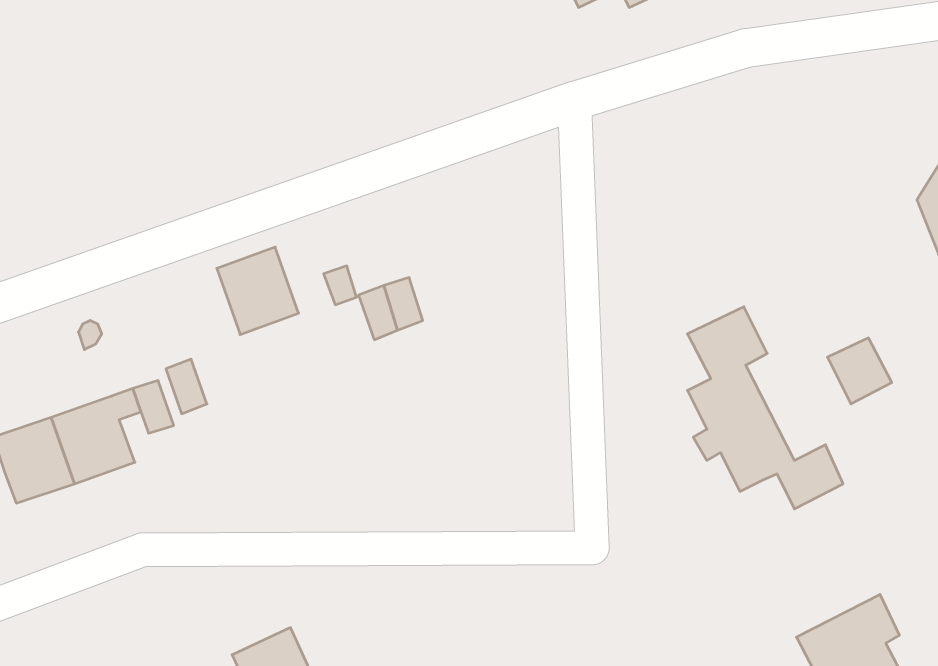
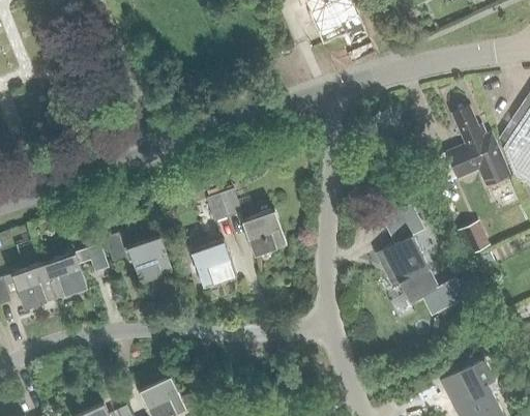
building: none -> [446,107,507,183]
building: [217,247,299,335] -> [127,236,171,283]
building: none -> [241,210,286,257]
building: none -> [190,241,235,288]

